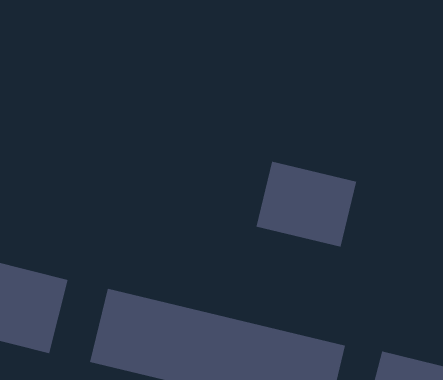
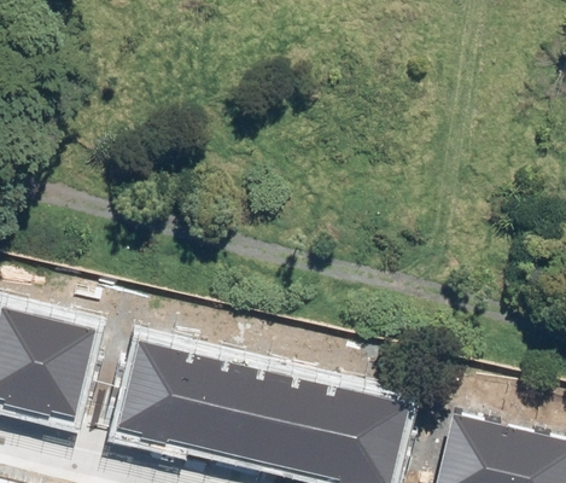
building: [256,161,357,248] -> none

